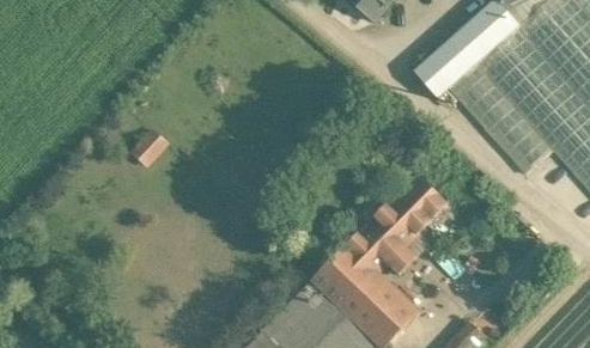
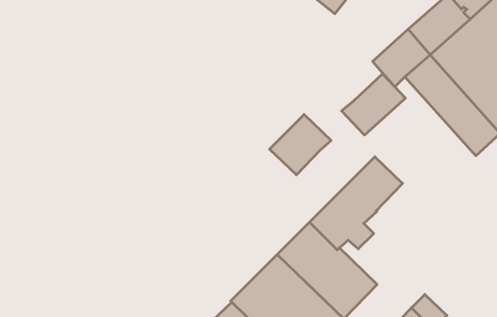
building: none -> [342,74,405,135]
building: [129,126,165,165] -> none
building: none -> [270,114,331,175]

